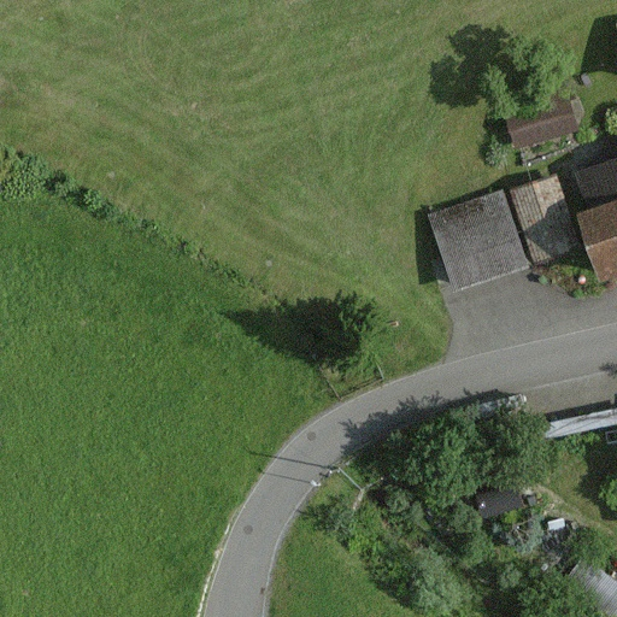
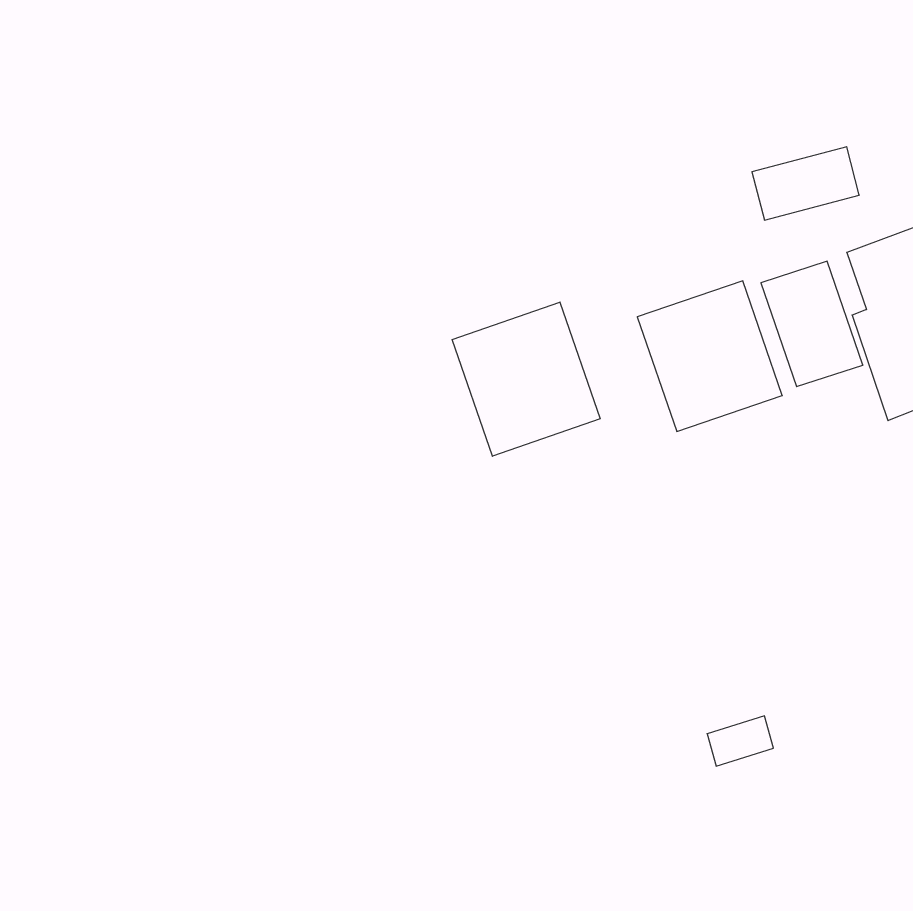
building: none -> [452,302,600,456]

